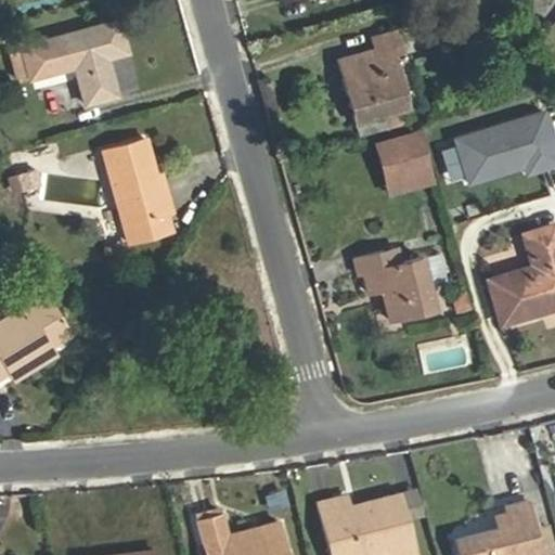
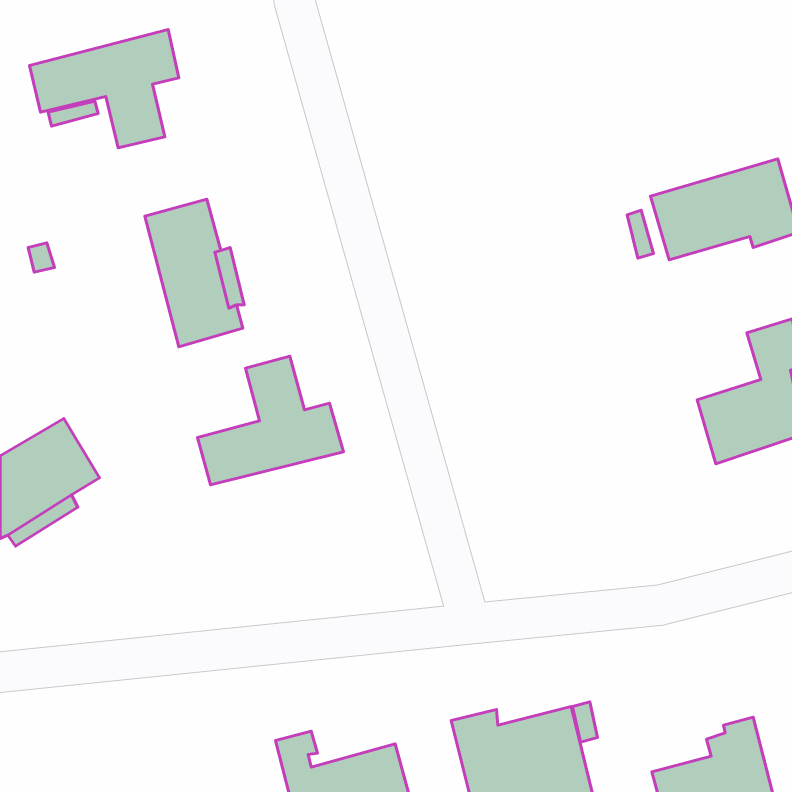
building: [339,34,406,122] -> none
building: [382,133,436,191] -> none
building: [354,249,436,321] -> none
building: none -> [197,356,343,485]

